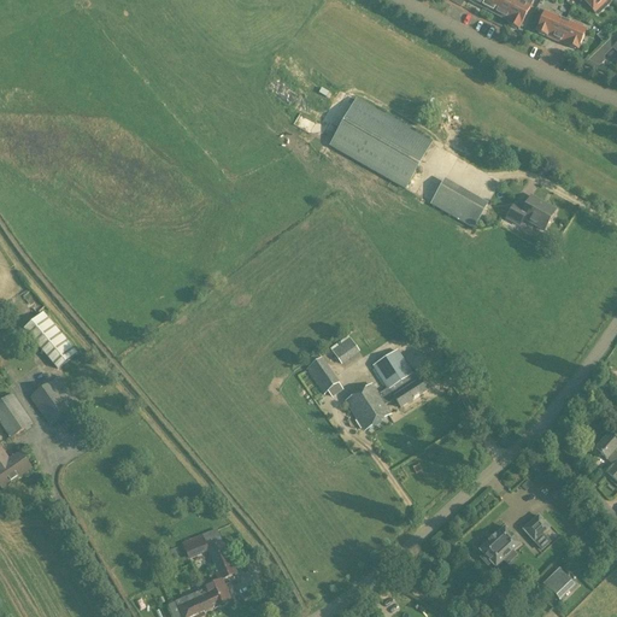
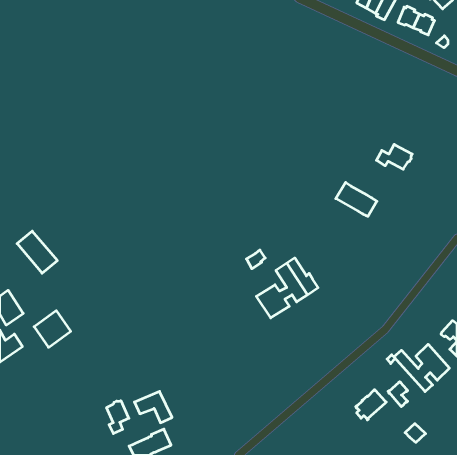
building: [329,98,430,187] -> none
building: [429,180,484,225] -> [336,182,377,216]
building: [305,355,337,392] -> none
building: [28,374,77,423] -> [34,311,71,347]
building: none -> [394,344,449,392]
building: none -> [107,401,129,434]

